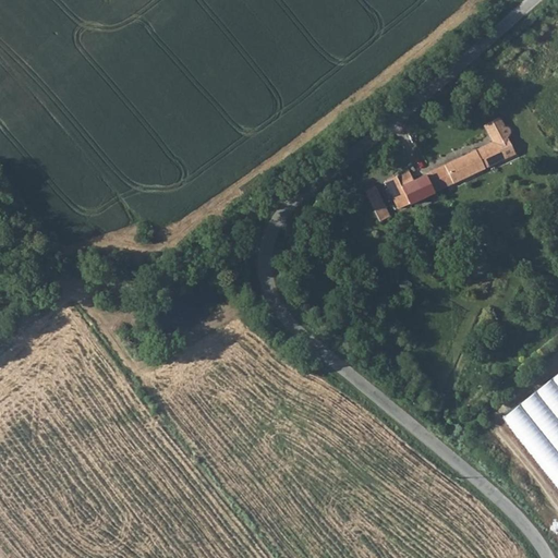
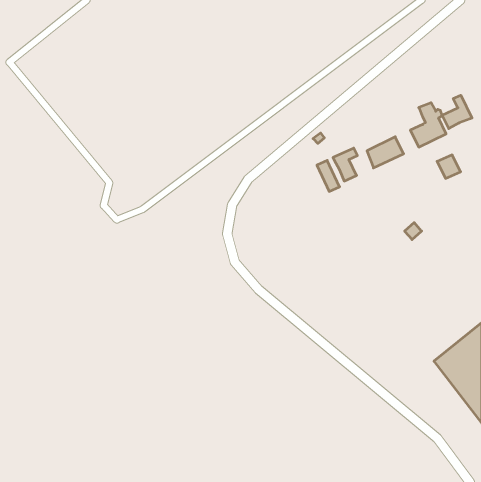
building: none -> [442,95,472,129]
building: [458,150,485,178] -> [437,155,461,178]
building: [404,174,433,203] -> none

